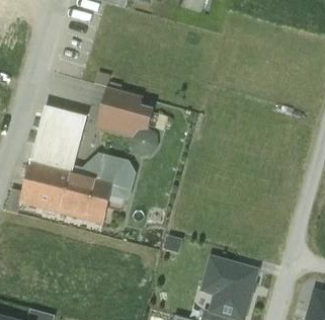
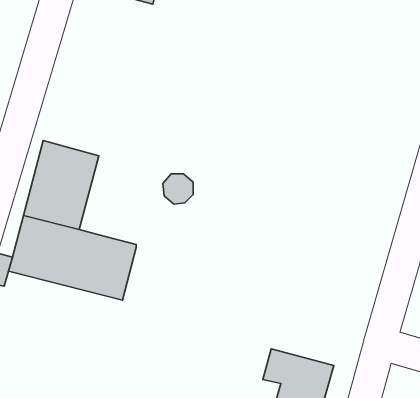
building: [97,86,153,134] -> none
building: [86,155,134,187] -> none

